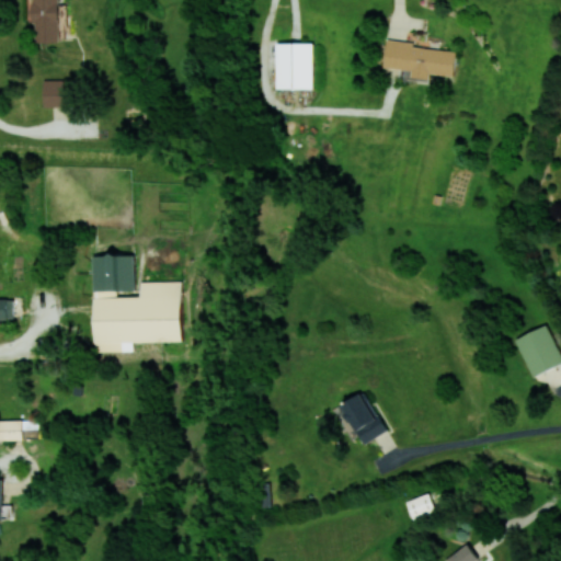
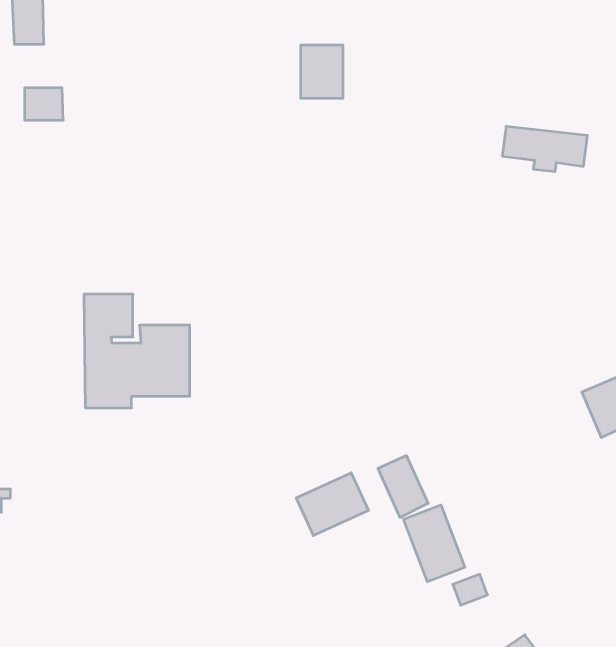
building: [383,43,456,81] -> [502,126,587,172]
building: none -> [296,473,368,536]
building: none -> [404,505,465,582]

